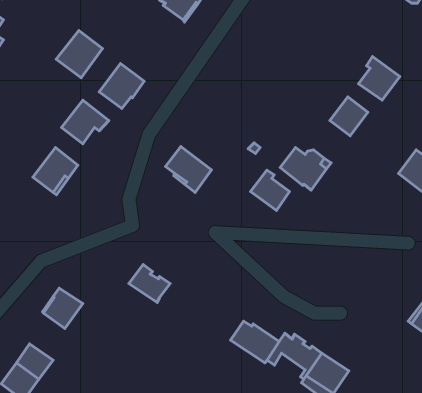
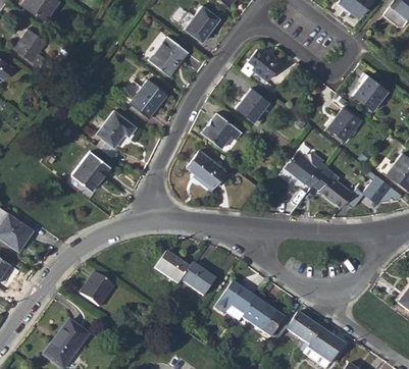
building: none -> [242,49,282,81]
building: [56,31,102,78] -> [149,36,189,76]
building: none -> [237,88,269,121]
building: none -> [202,113,242,148]
building: [250,170,289,210] -> [319,173,353,208]
building: none -> [363,173,402,206]
building: none -> [182,263,216,296]
building: none -> [215,282,256,321]

